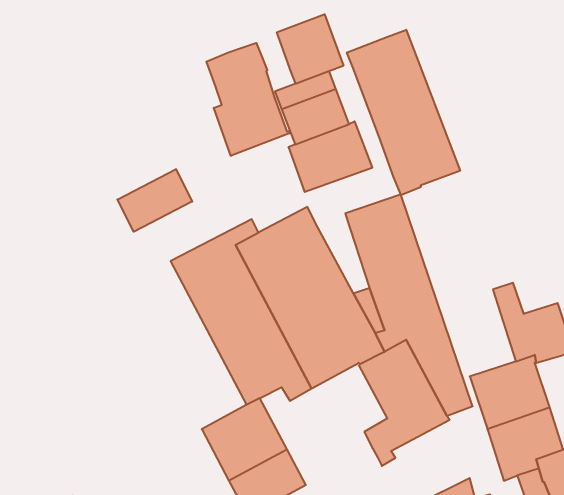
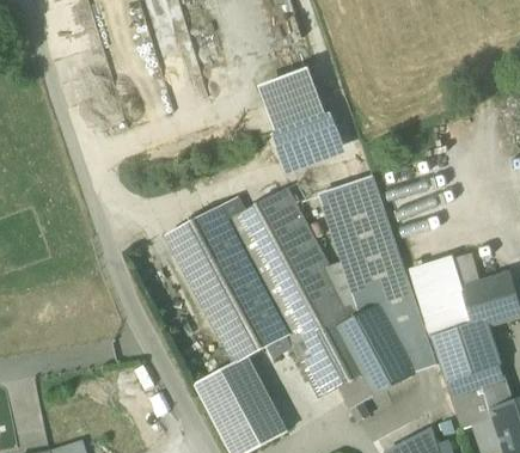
building: [277,14,343,84] -> none
building: [347,30,460,195] -> none
building: [206,43,290,156] -> none
building: [117,169,192,232] -> none
building: none -> [411,259,472,336]
building: none -> [292,324,359,396]

